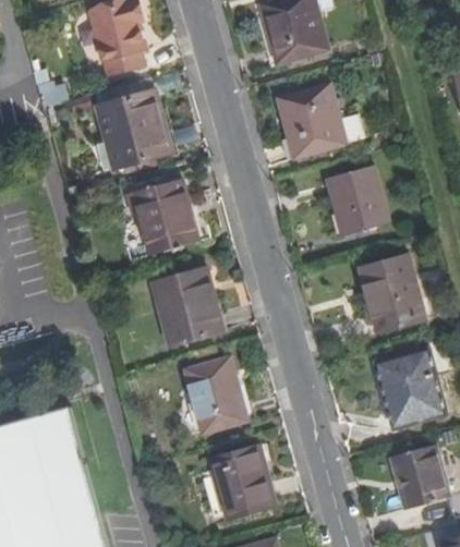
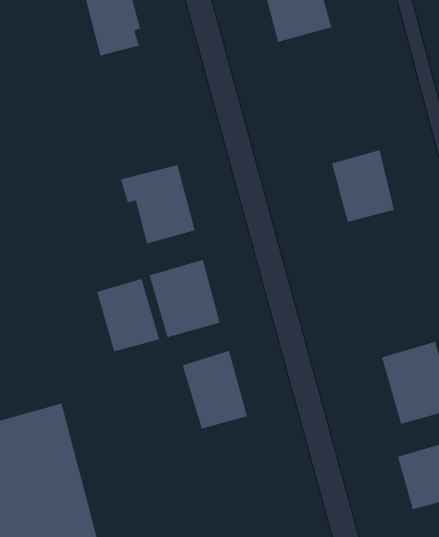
building: [278,84,346,156] -> none
building: [98,90,166,169] -> none
building: [360,255,424,331] -> none
building: none -> [97,278,160,352]
building: [209,443,277,519] -> none

